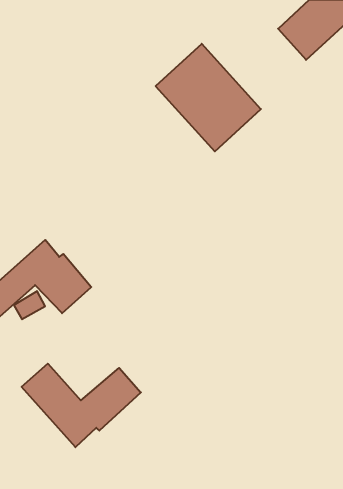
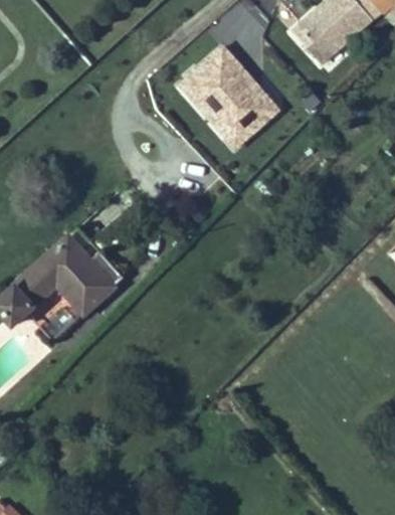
building: [22,364,141,447] -> none

